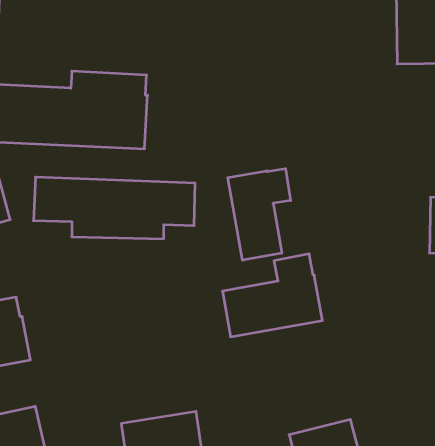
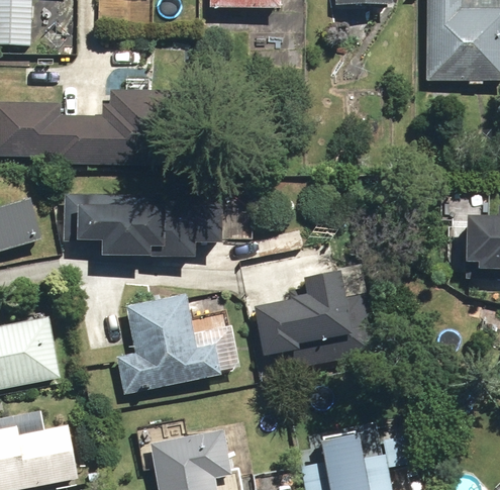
building: [228,169,291,260] -> none
building: none -> [121,293,217,392]

